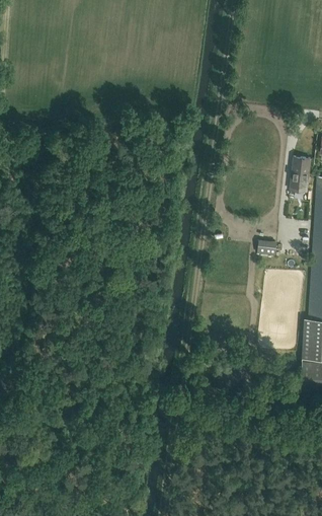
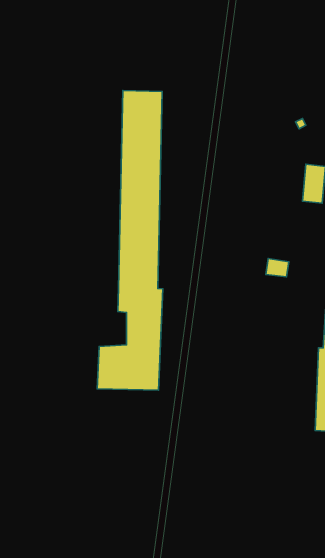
building: none -> [97,91,163,390]

